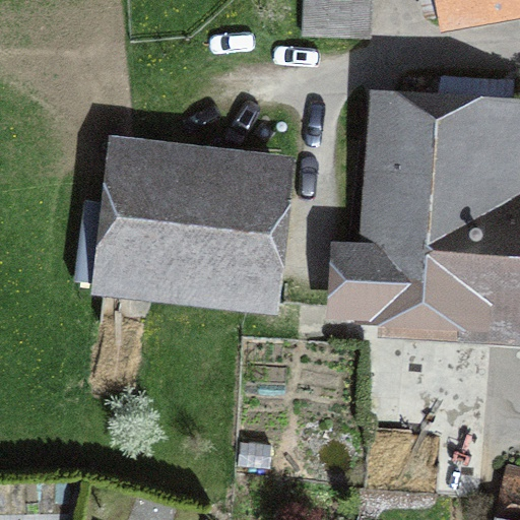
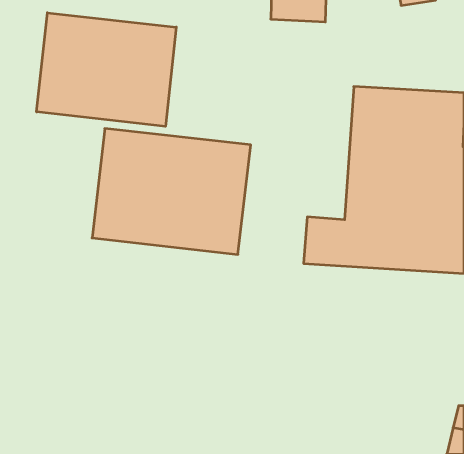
building: none -> [37,13,176,126]

